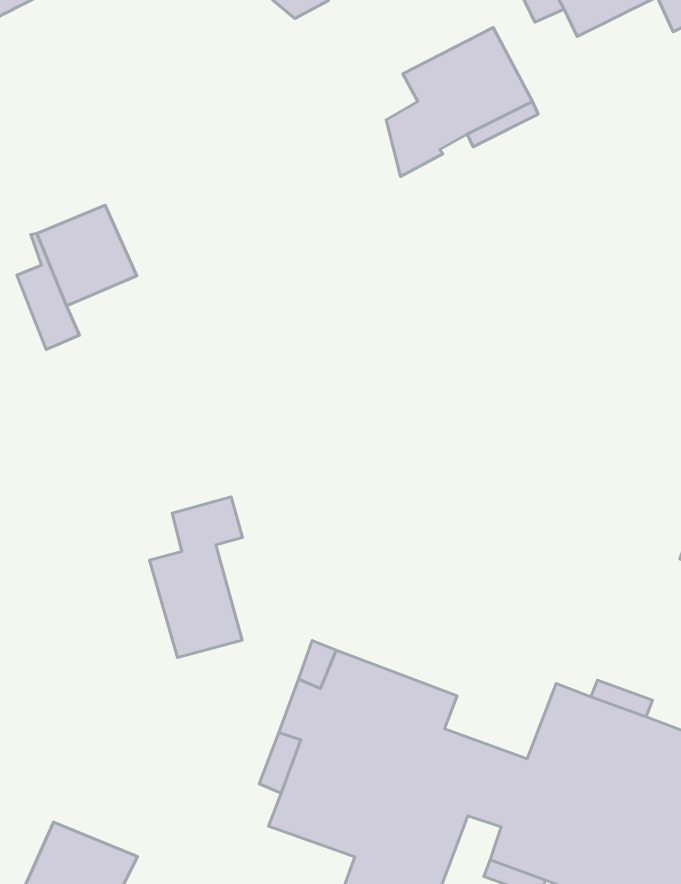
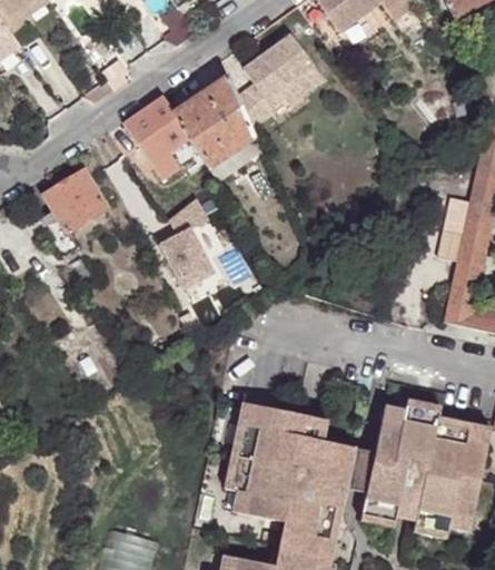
building: none -> [125,73,256,178]
building: [150,497,242,658] -> [156,202,216,298]

